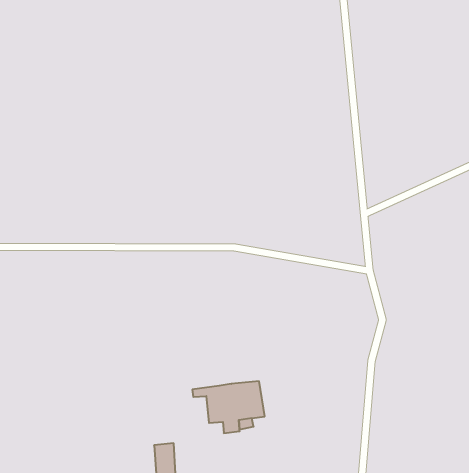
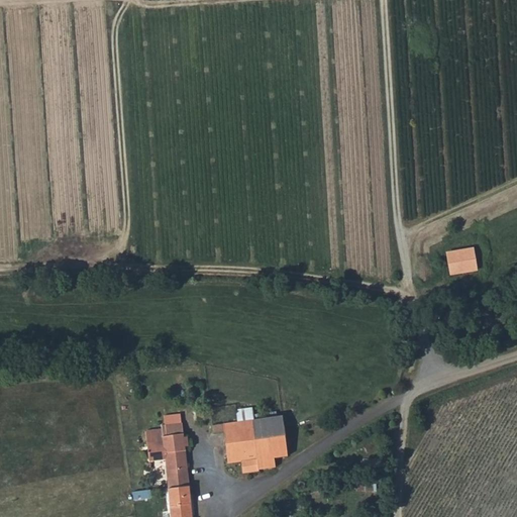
building: none -> [441,247,471,273]
building: none -> [147,425,189,486]

